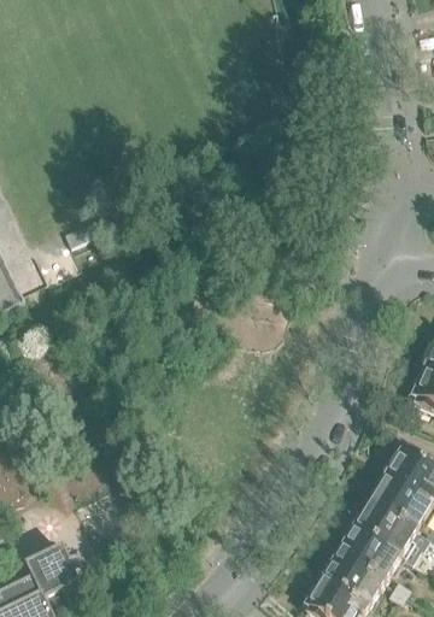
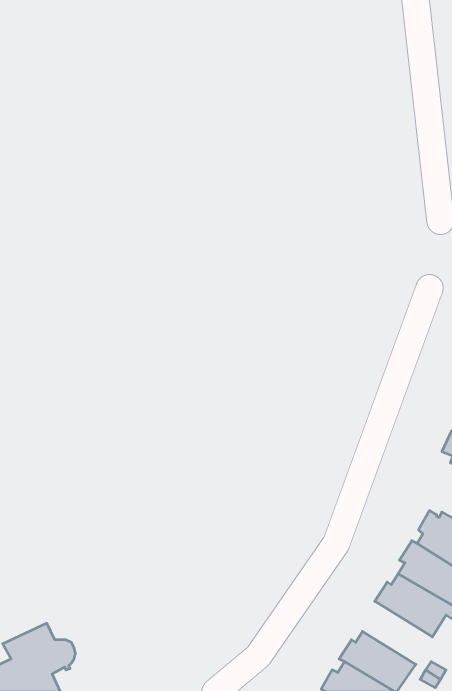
building: [339,528,400,583] -> none

